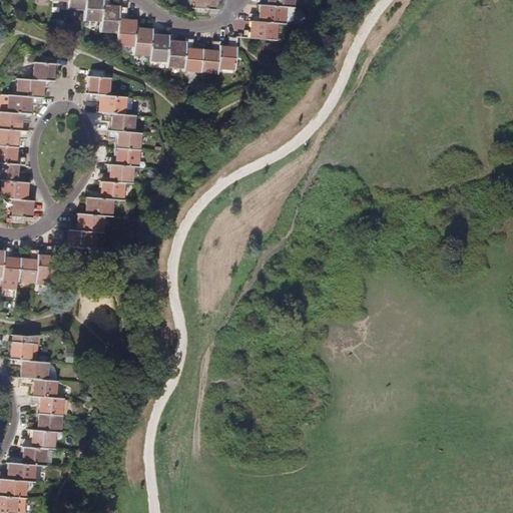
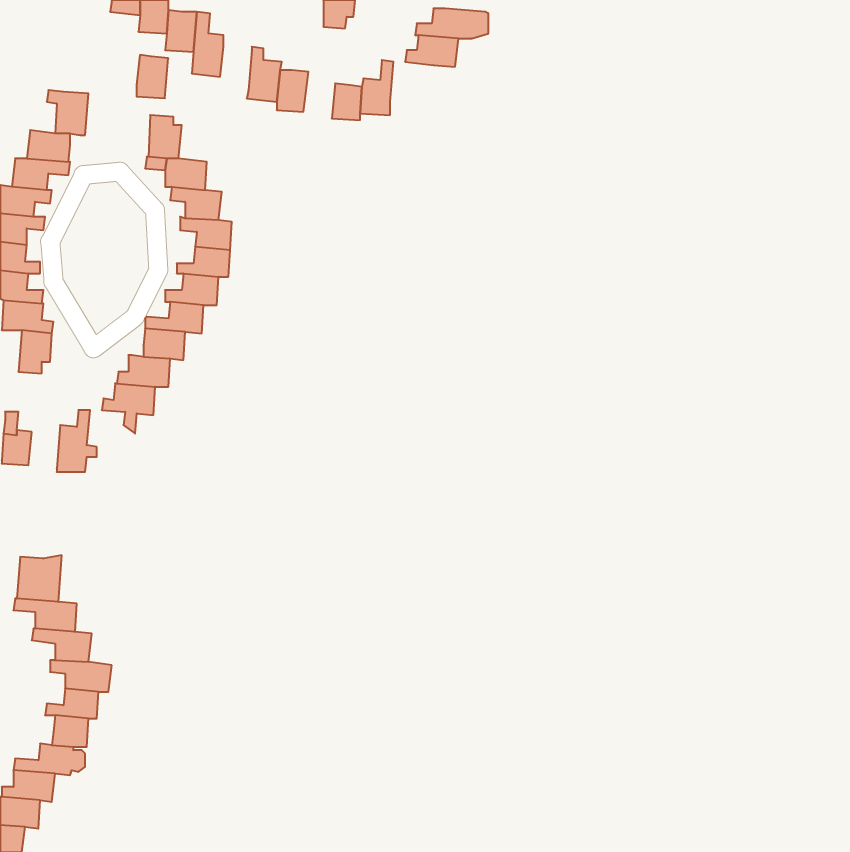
building: [133,28,152,54] -> [137,55,168,98]
building: [183,38,202,71] -> none
building: [18,249,38,282] -> none

